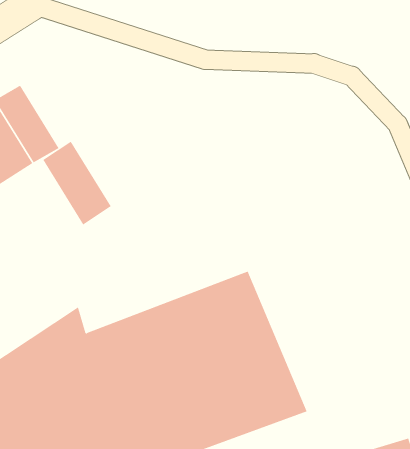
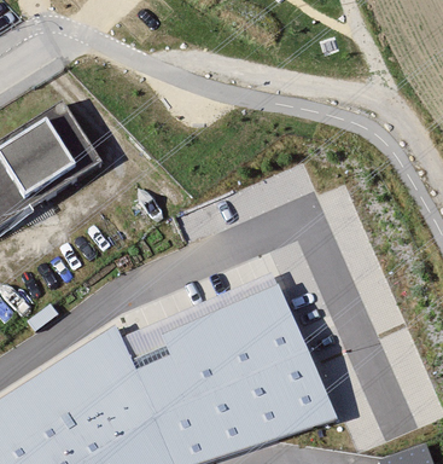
building: [42,141,112,226] -> none

